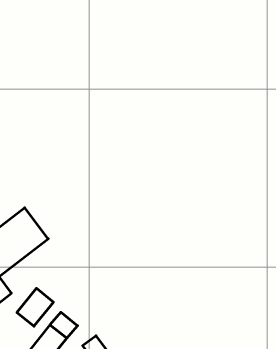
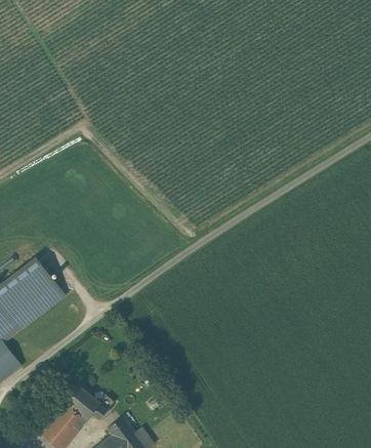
building: [17,288,53,326] -> none

